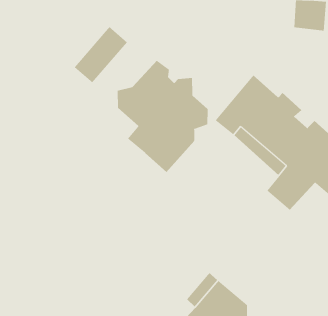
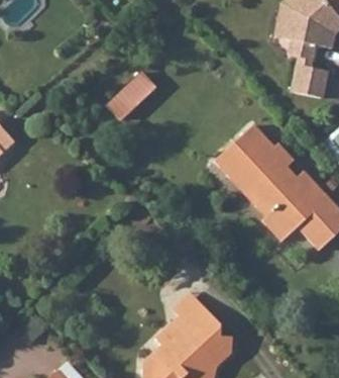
building: [117,60,208,173] -> none

